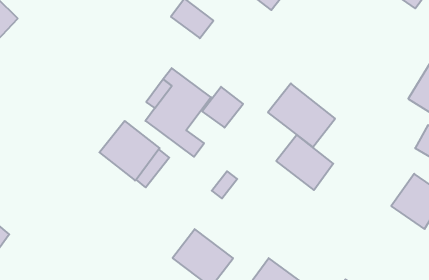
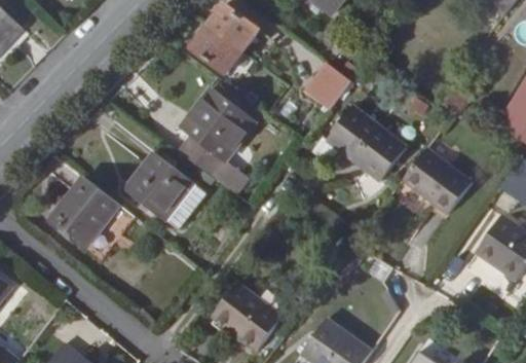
building: none -> [190,25,243,75]
building: [202,87,243,128] -> [303,61,352,110]
building: [276,135,333,190] -> [403,148,472,215]
building: none -> [47,176,120,250]

